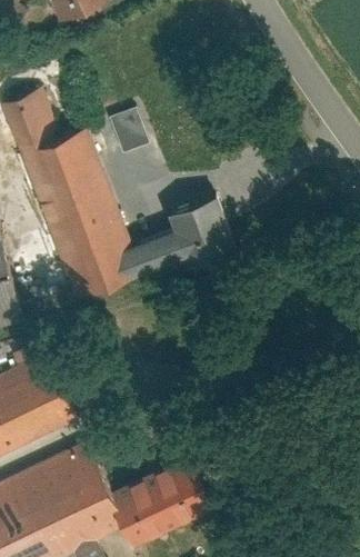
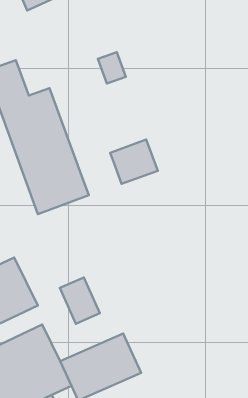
building: [110,108,148,150] -> [98,52,126,83]
building: [132,227,187,270] -> none
building: none -> [60,277,100,324]

